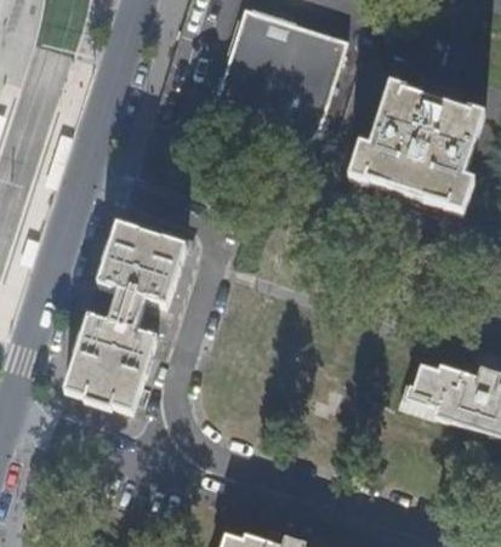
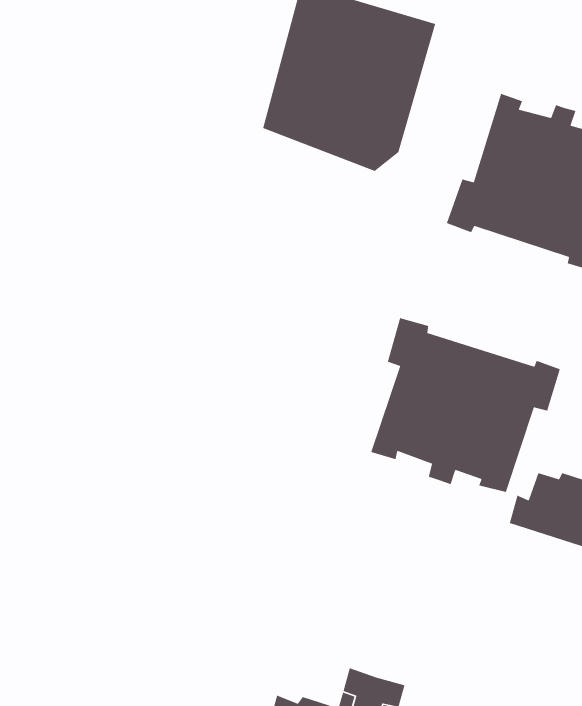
building: [63,226,186,415] -> none
building: none -> [370,317,561,493]

